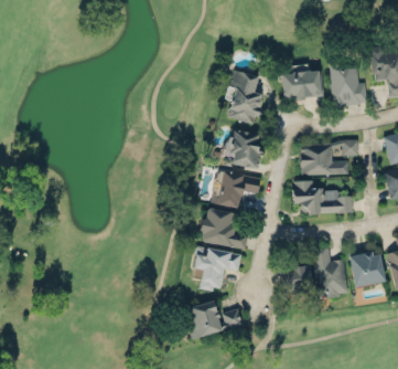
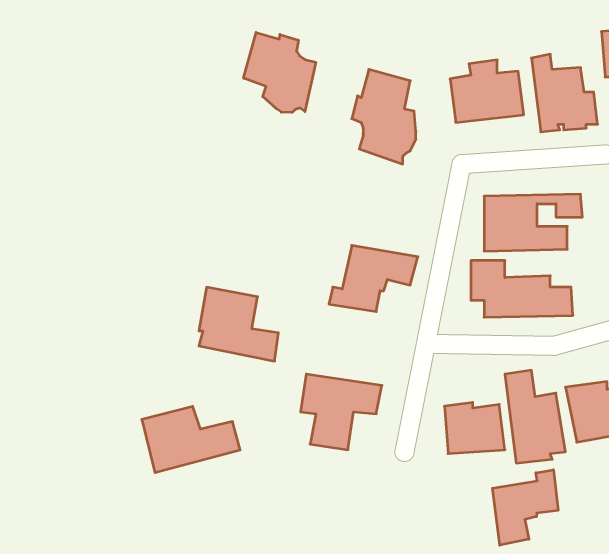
building: none -> [244,32,316,112]
building: [226,129,262,168] -> none
building: [202,207,248,250] -> [199,287,278,361]
building: [185,299,243,338] -> [142,406,240,473]
building: none -> [492,470,558,545]

